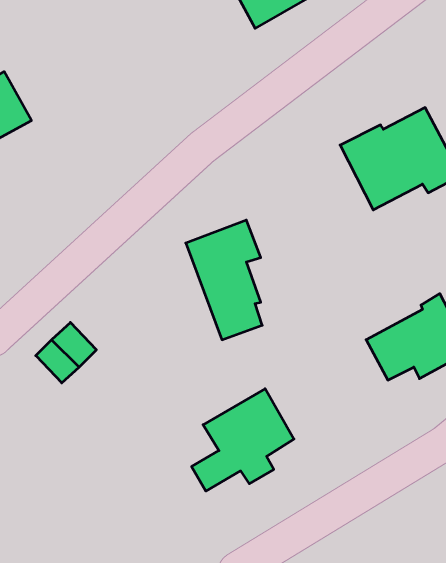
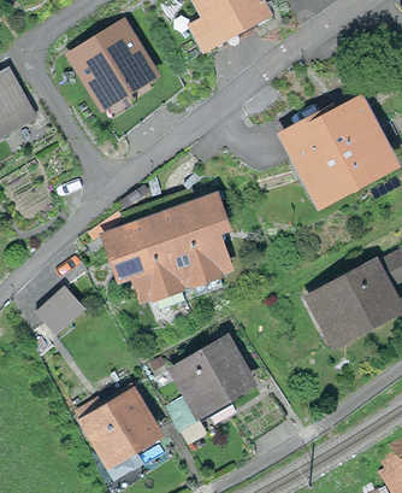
building: none -> [76,25,154,102]
building: none -> [111,217,191,311]
building: none -> [78,392,156,459]

